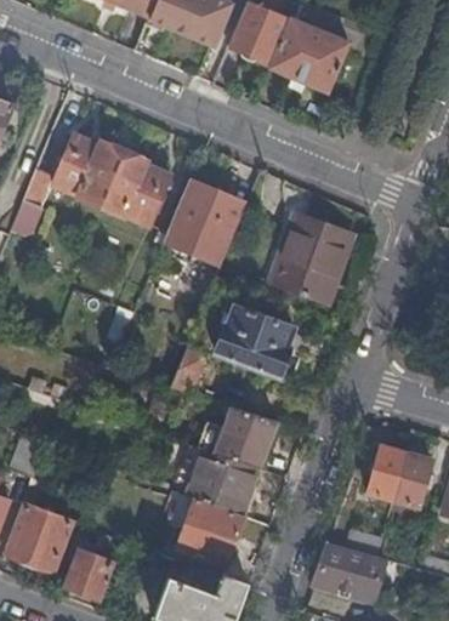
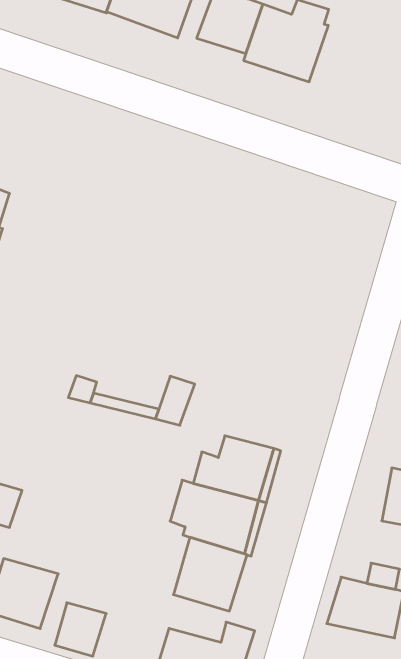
building: [53,137,169,226] -> none
building: [164,181,246,267] -> none
building: [271,217,342,306] -> none
building: [215,307,294,377] -> none

